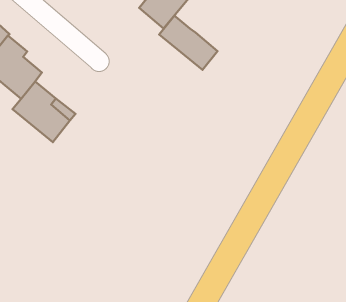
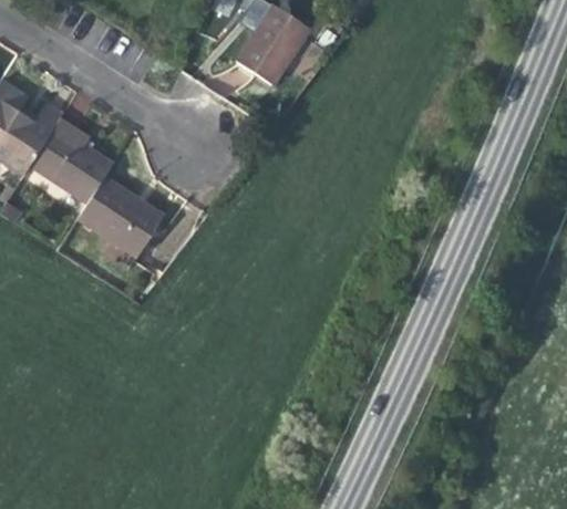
building: [159,16,217,70] -> none

